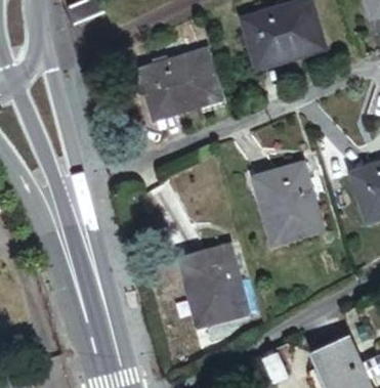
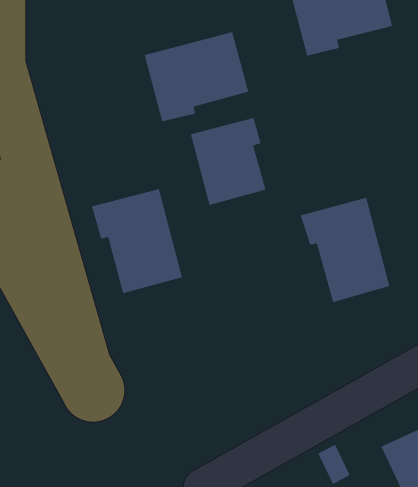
building: none -> [190,117,266,206]
building: [175,248,244,327] -> [91,188,183,294]

